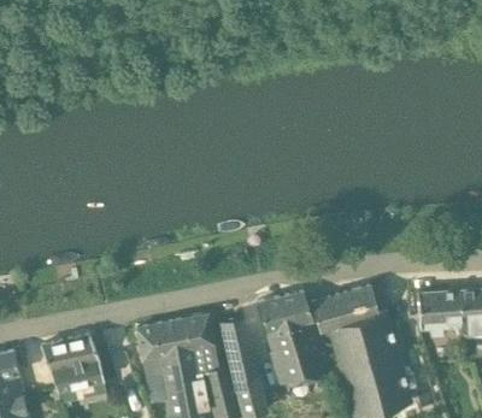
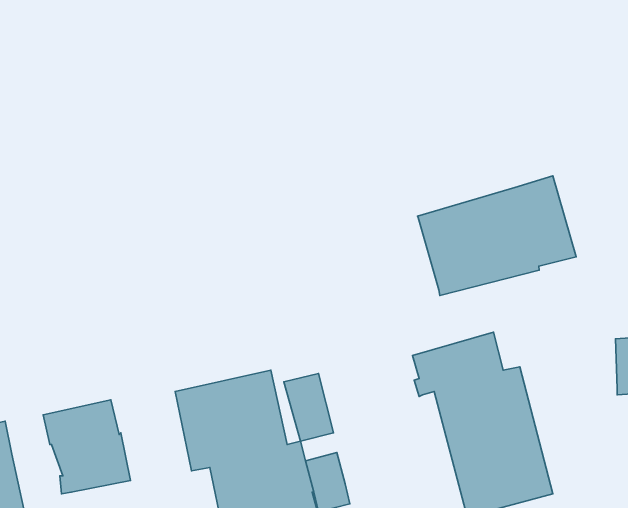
building: none -> [417,176,576,296]
building: [258,290,330,388] -> none
building: [417,290,460,335] -> none

